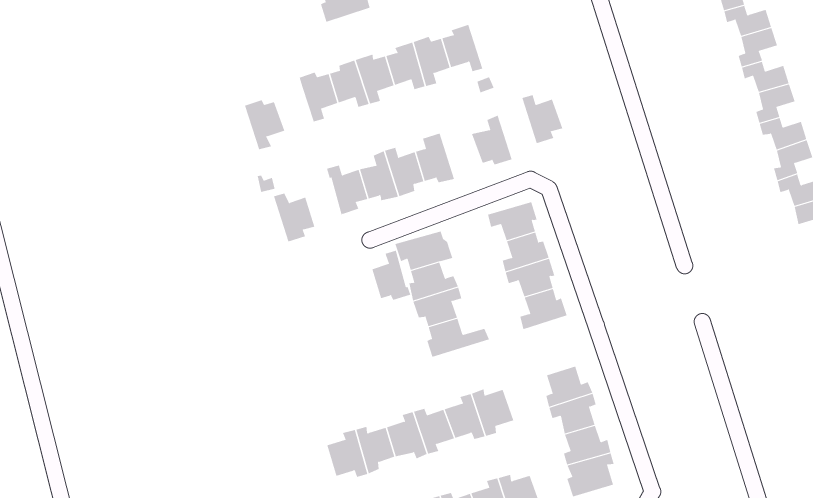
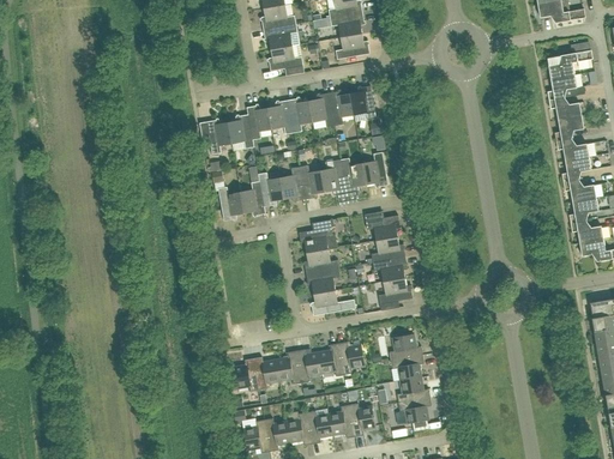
building: none -> [228,114,254,147]
building: [521,94,563,144] -> [341,157,367,192]
building: [372,250,411,301] -> [241,180,266,215]

